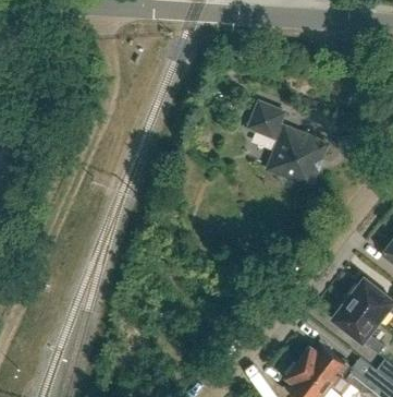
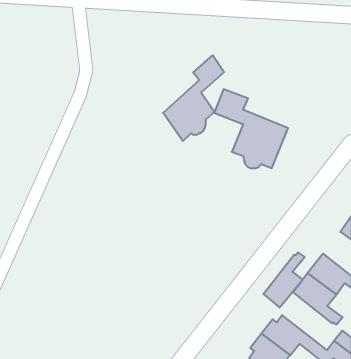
building: none -> [163,55,224,141]
building: none -> [263,252,305,308]

